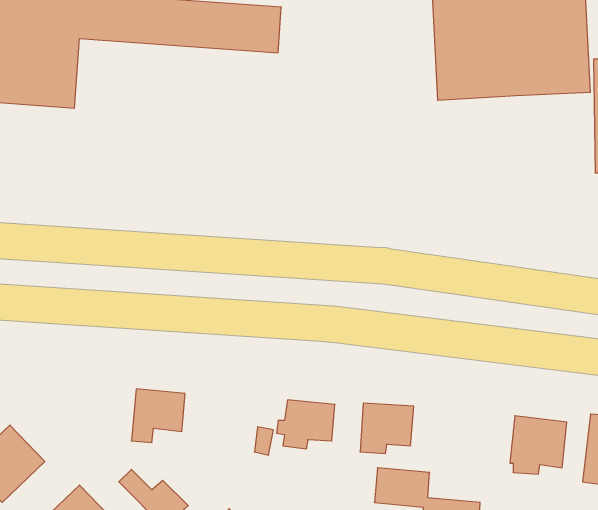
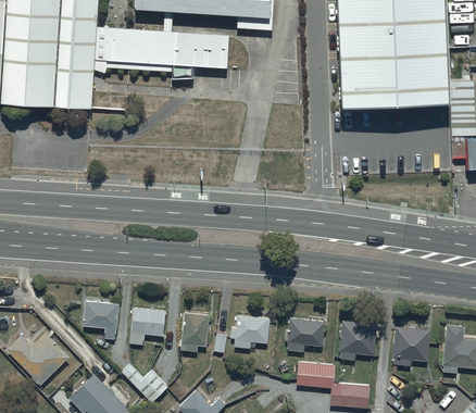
building: none -> [84,300,121,338]
building: none -> [181,312,210,351]
building: none -> [339,320,378,360]

